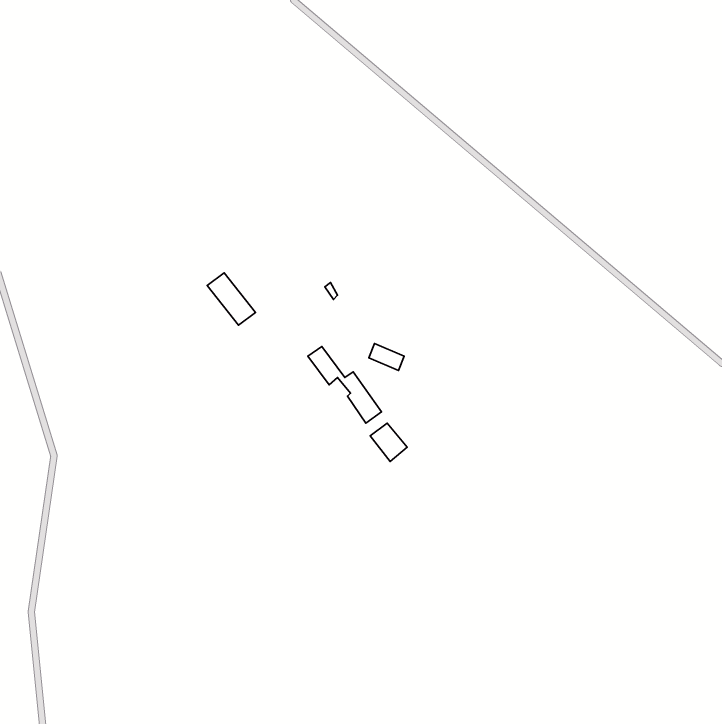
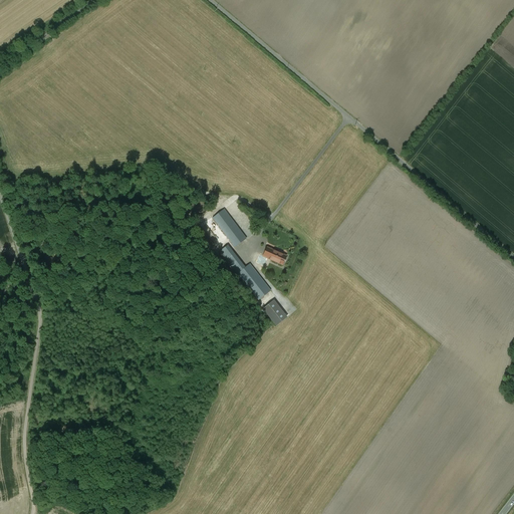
building: [207,273,255,325] -> [212,208,246,245]

